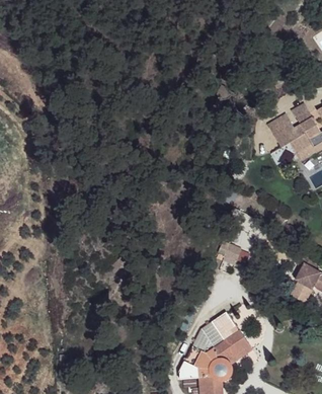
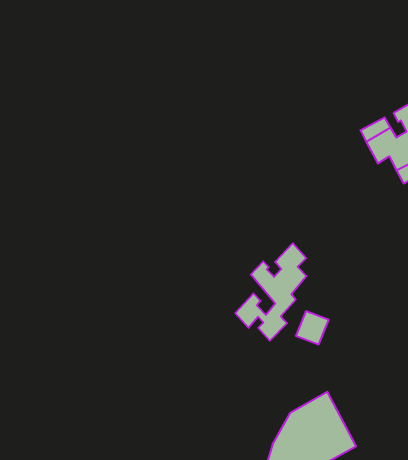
building: none -> [235,243,307,341]

